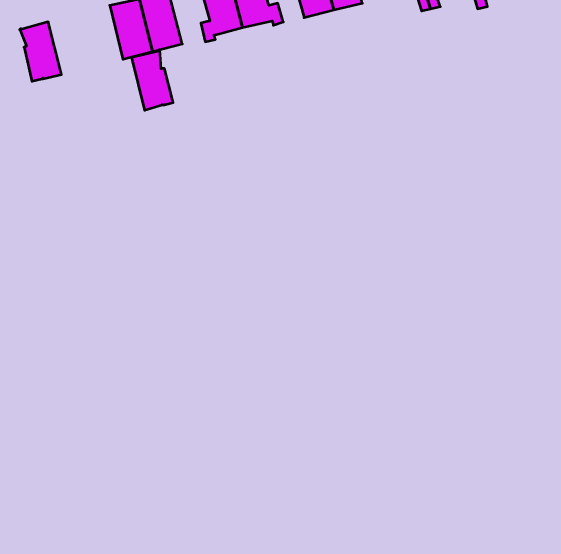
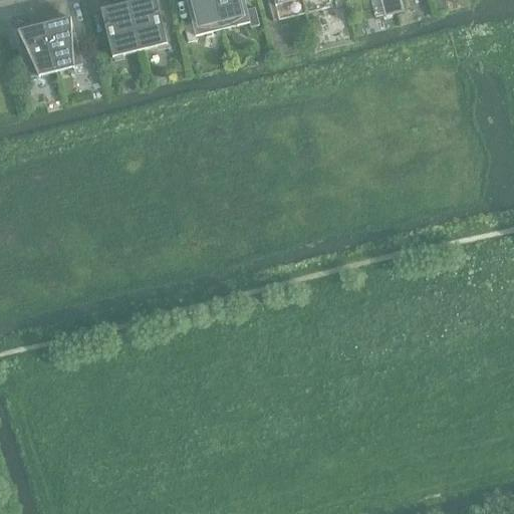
building: [131,50,173,110] -> [44,13,82,68]

